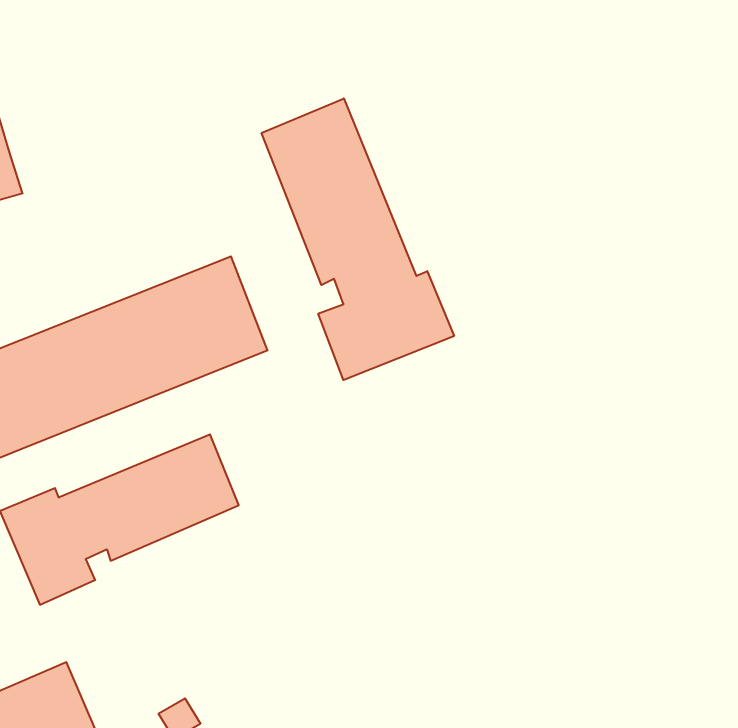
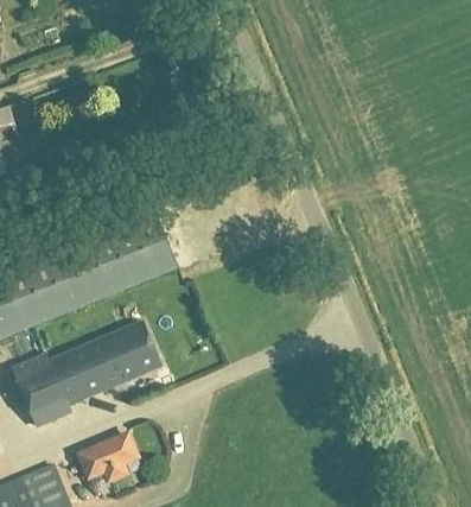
building: [262,98,454,380] -> none
building: none -> [79,435,135,479]

